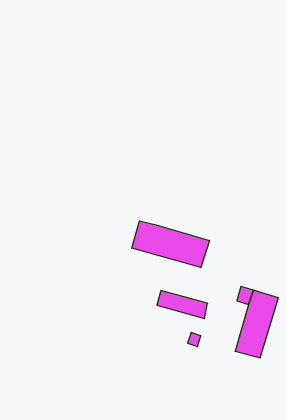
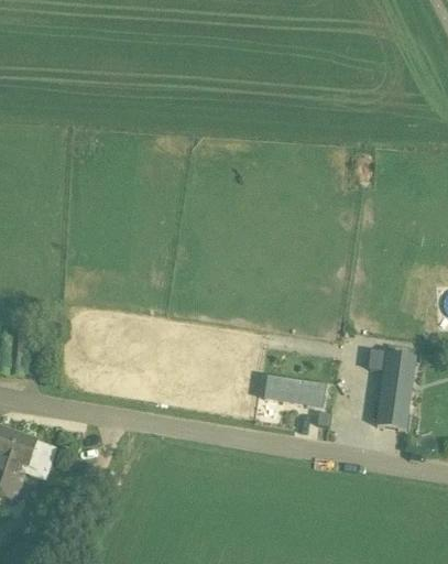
building: [132,221,210,268] -> none

